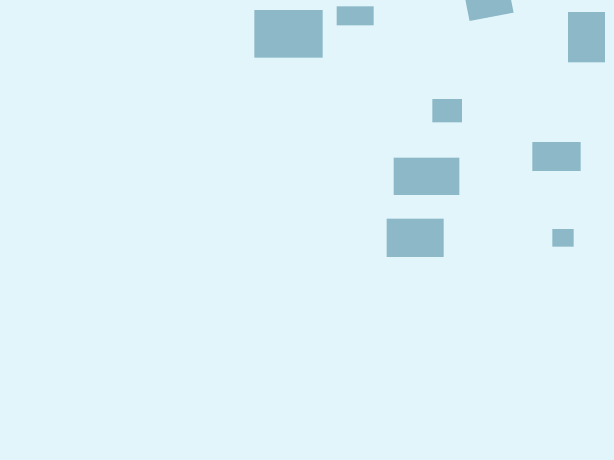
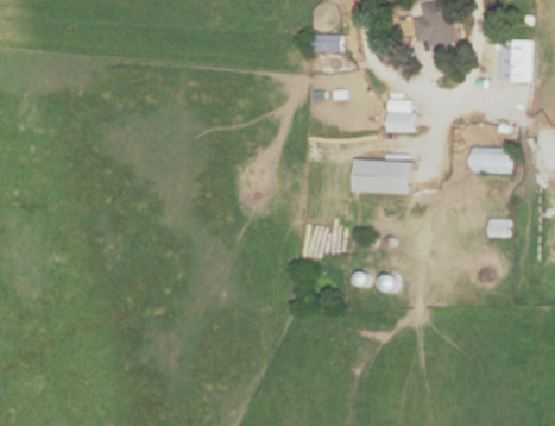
building: [254,9,323,58] -> none
building: [386,218,444,258] -> none

